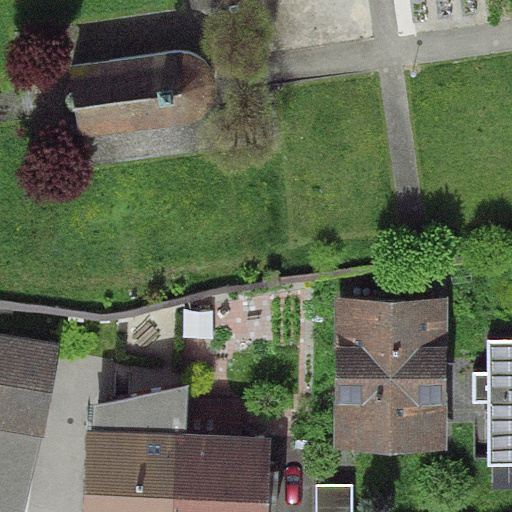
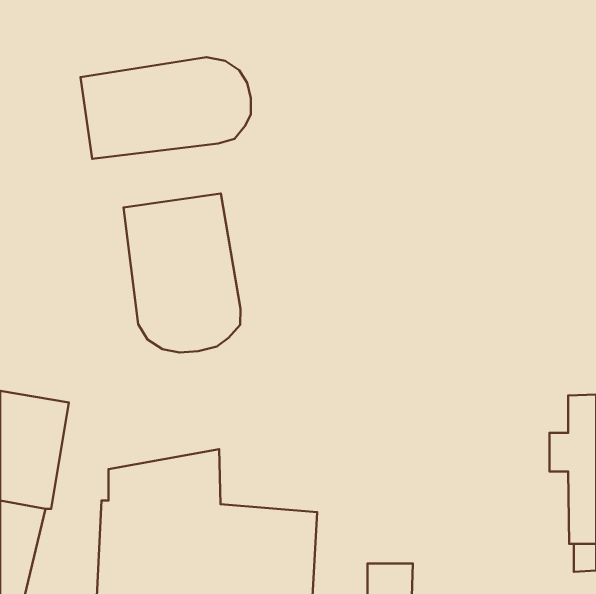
building: none -> [124,193,241,353]
building: [333,298,448,451] -> none

